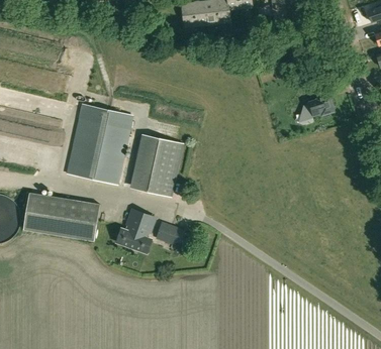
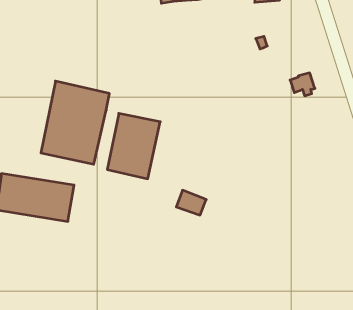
building: [117,210,156,254] -> none
building: [155,221,184,245] -> [176,190,206,215]

